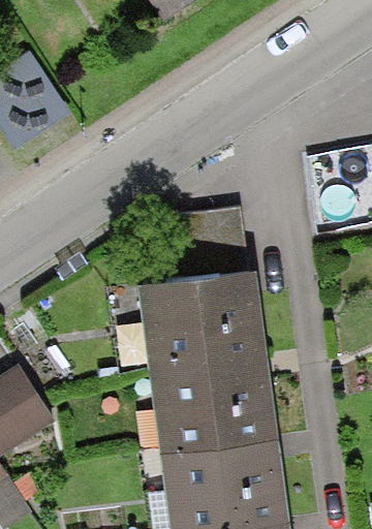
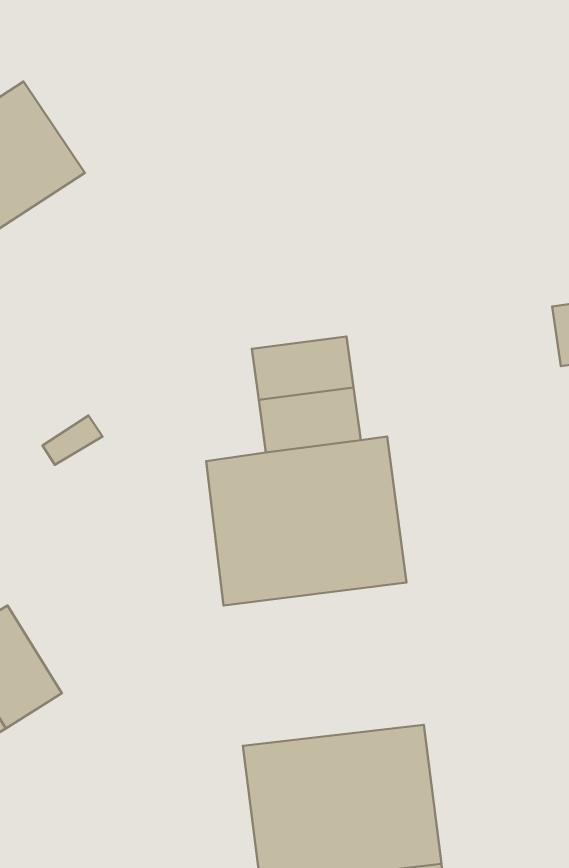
building: [155,353,273,449] -> none

